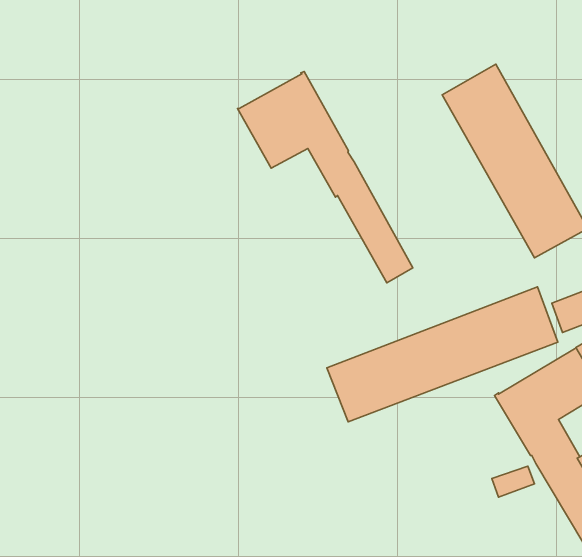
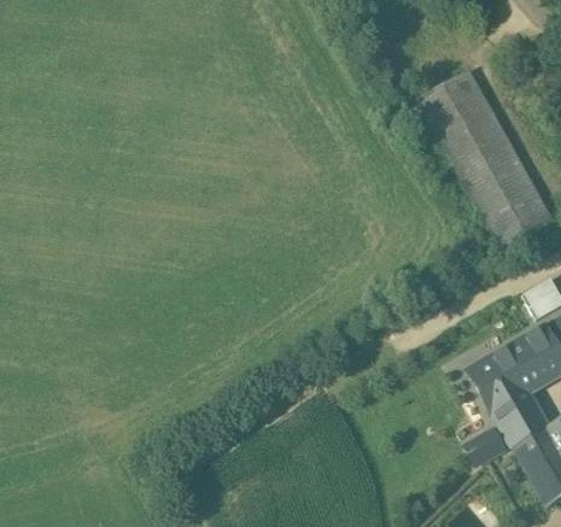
building: [238,71,413,283] -> none
building: [327,287,558,422] -> none

